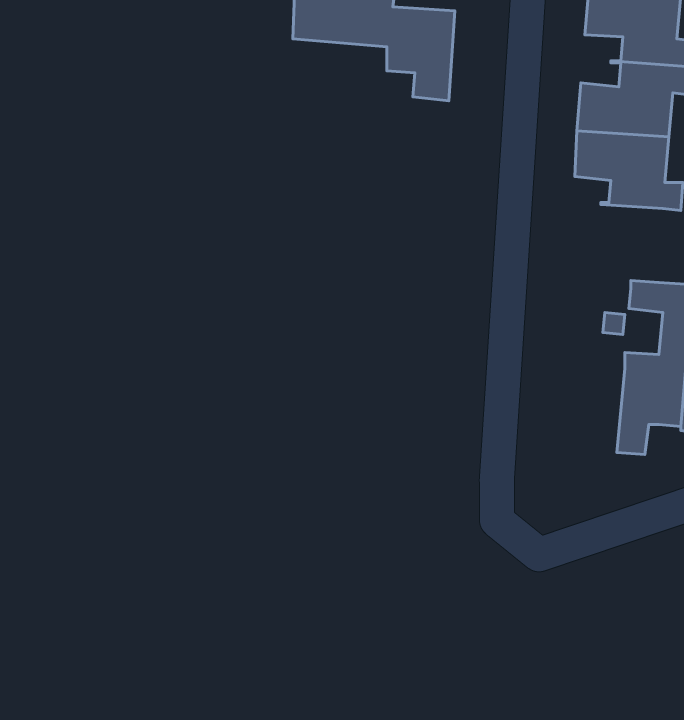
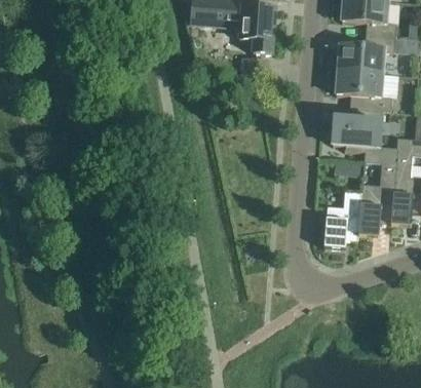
building: none -> [332,107,381,150]
building: none -> [323,190,361,247]

